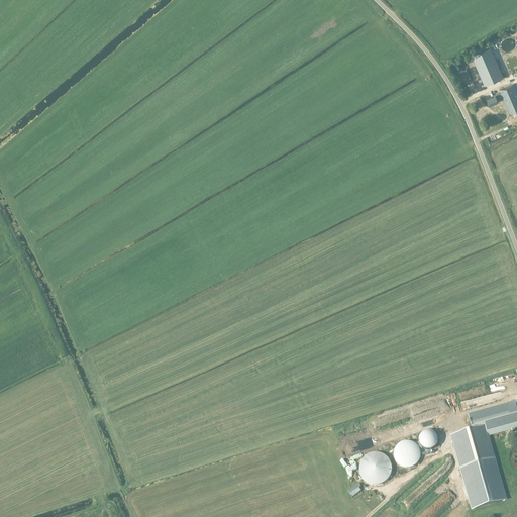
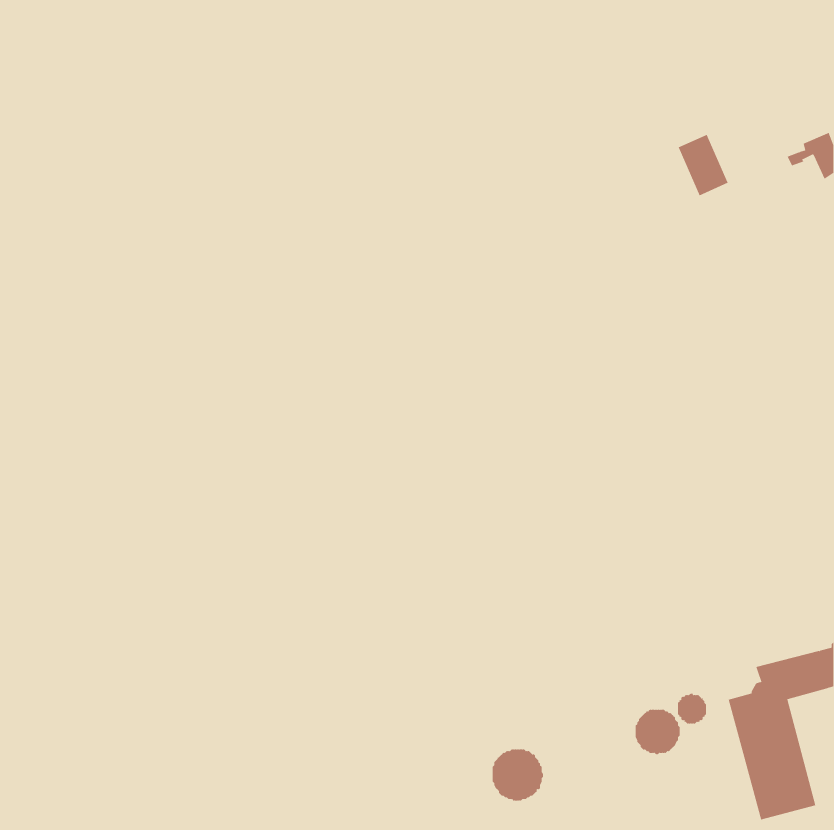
building: [472,45,503,84] -> [678,134,728,196]
building: [359,451,392,484] -> [492,749,544,801]

